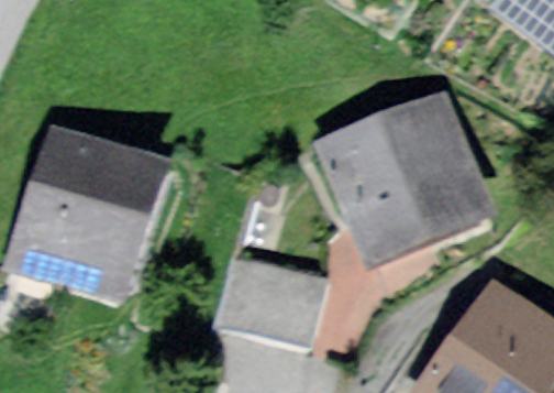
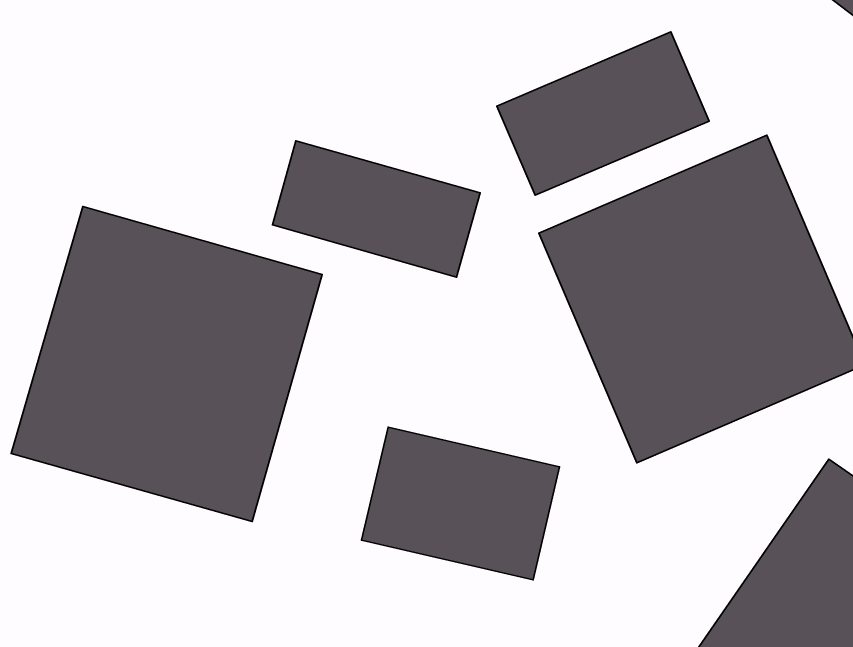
building: none -> [497,32,709,195]
building: none -> [272,141,480,277]

